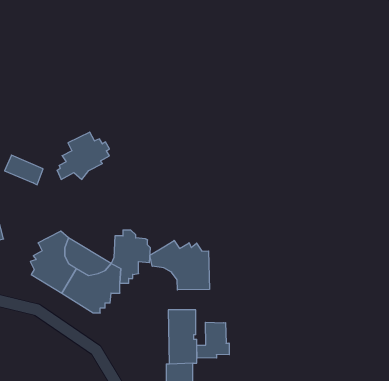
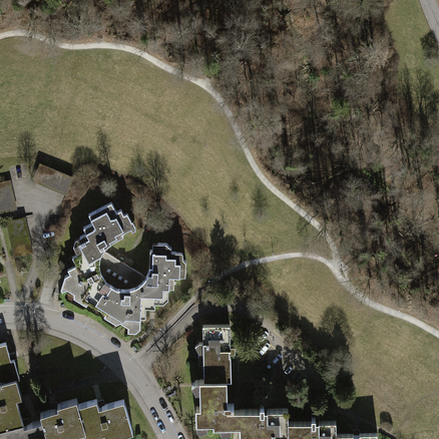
building: [57,132,109,179] -> [76,207,129,256]
building: [150,240,209,290] -> none
building: [197,322,229,358] -> none

